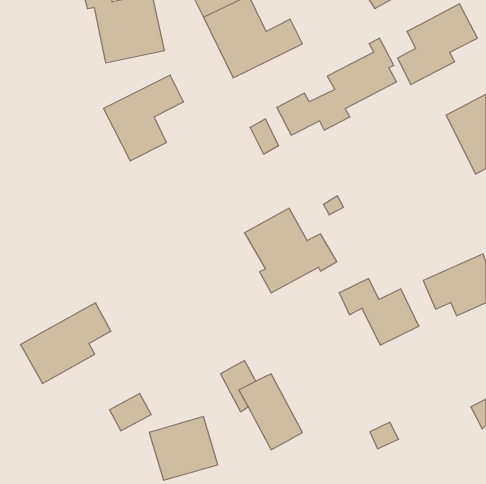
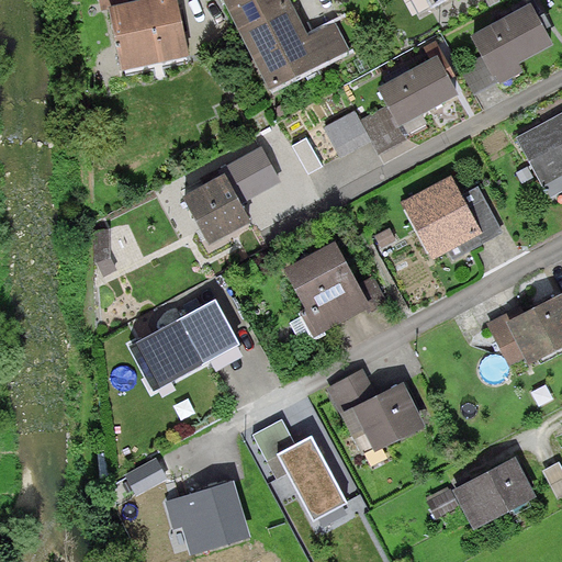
building: [104,75,184,161] -> [178,146,270,245]
building: none -> [401,176,501,259]
building: [339,279,419,345] -> [328,371,420,448]
building: [20,303,111,384] -> [130,299,234,392]
building: none -> [456,460,536,530]

